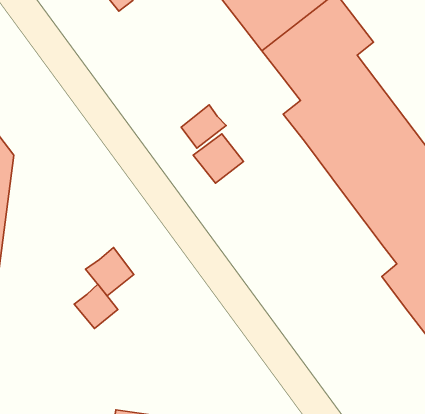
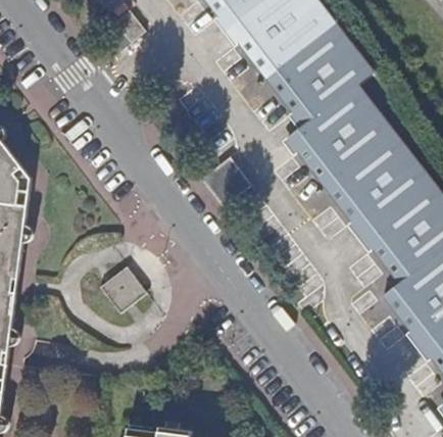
building: [181,105,226,148] -> none
building: [74,284,118,328] -> none

